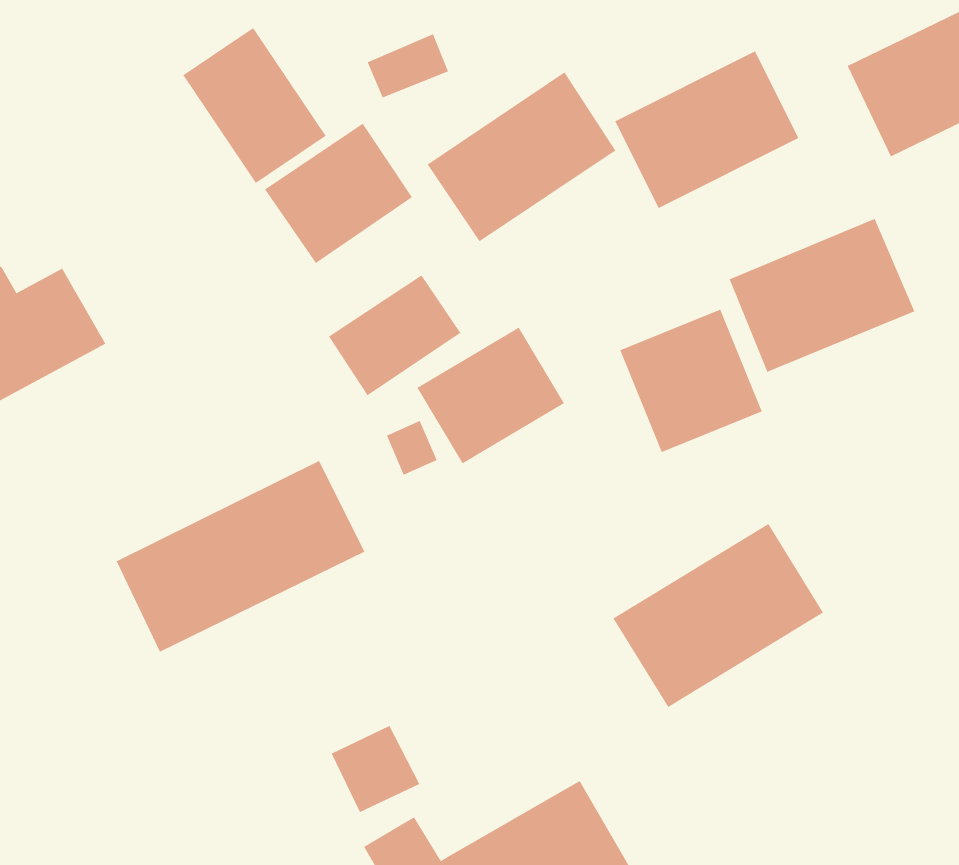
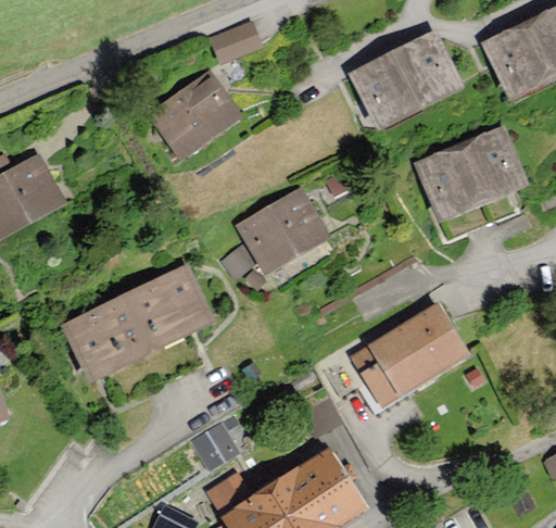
building: [182,27,326,184] -> none
building: [427,71,616,242] -> none
building: [328,274,461,396] -> none
building: [619,309,763,453] -> none

